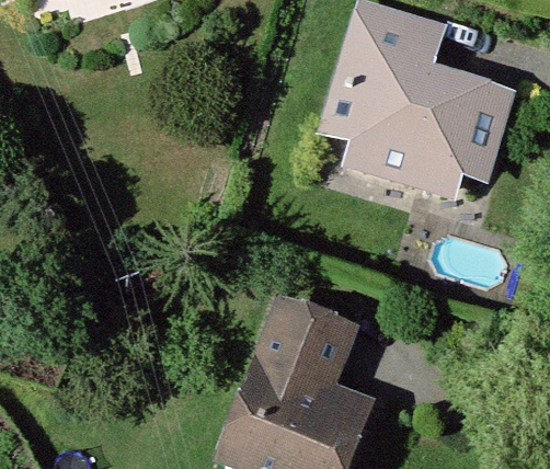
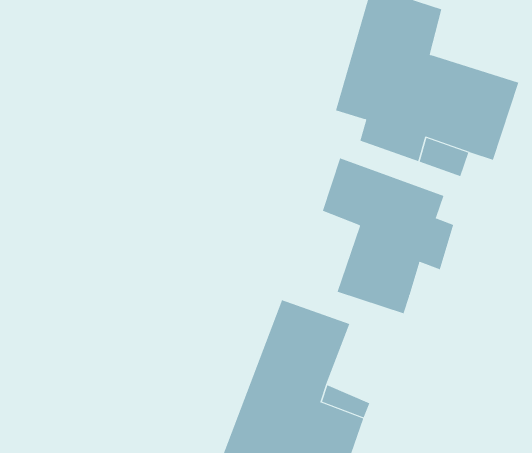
building: none -> [322,157,454,314]

